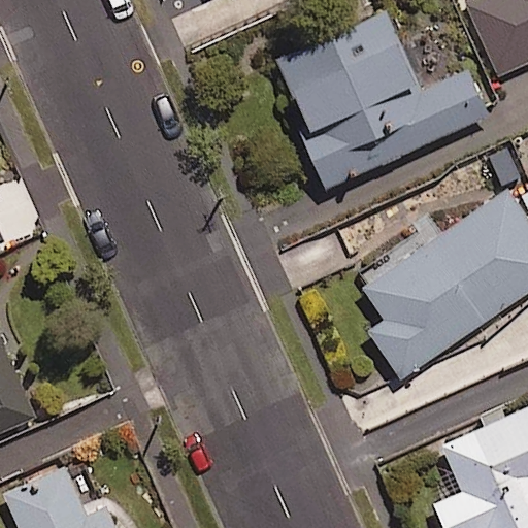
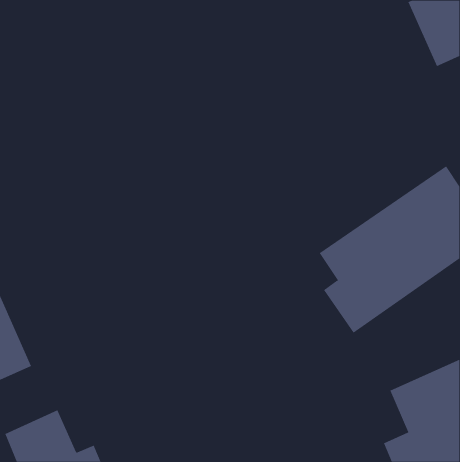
building: [275,9,491,190] -> none

